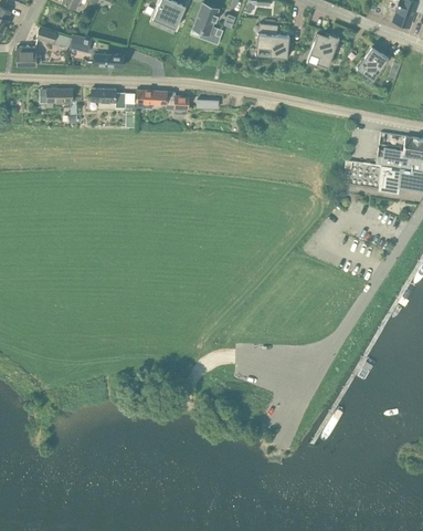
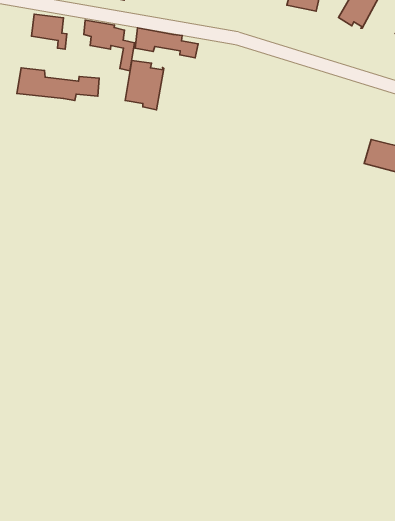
building: none -> [125,60,164,110]
building: none -> [17,68,99,100]

